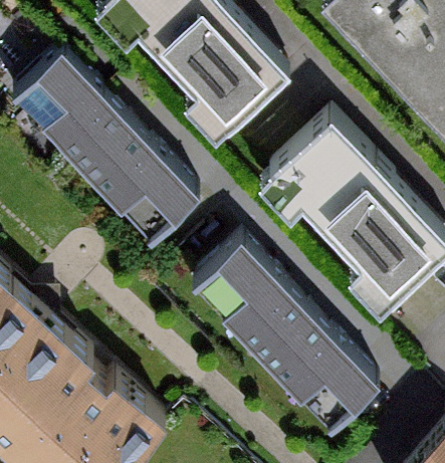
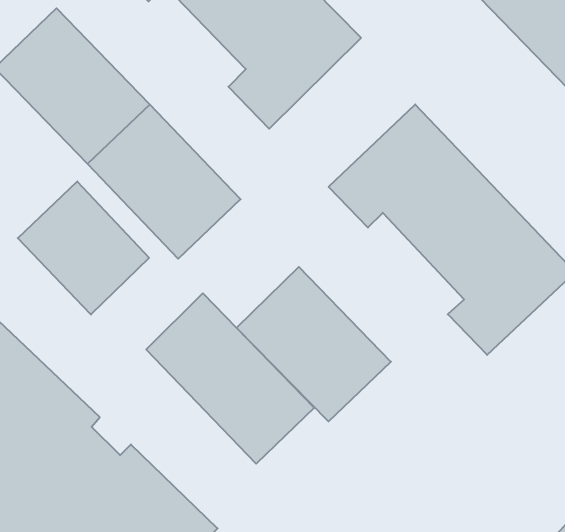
building: none -> [18,181,149,315]
building: none -> [146,293,314,464]
building: [260,313,375,428] -> none

